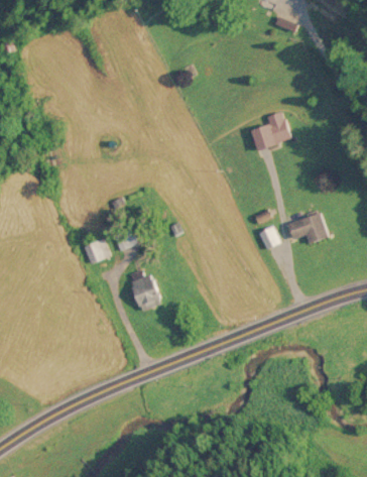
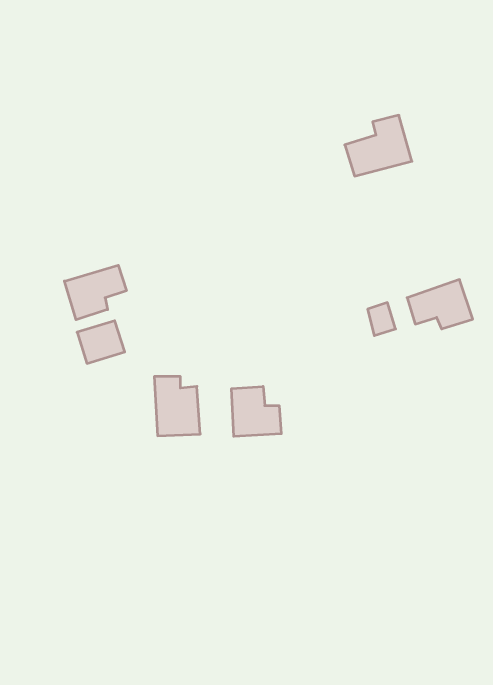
building: none -> [64,265,126,320]
building: none -> [232,386,281,436]

